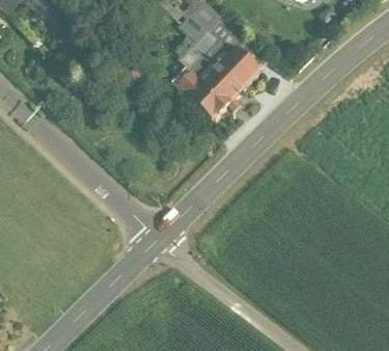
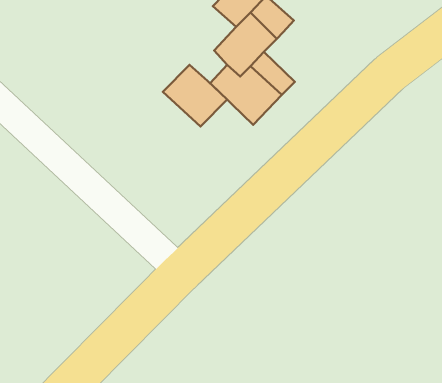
building: [219,47,259,86] -> none
building: none -> [163,65,227,126]

